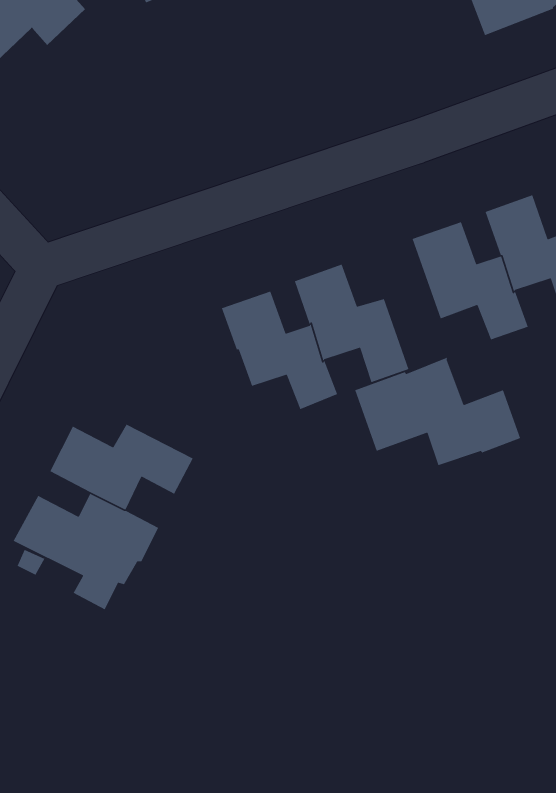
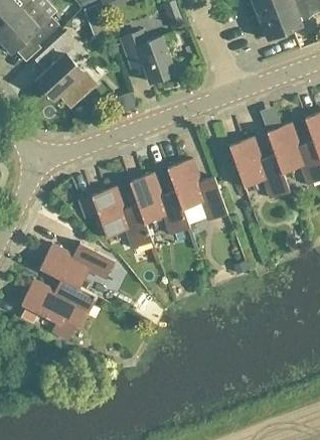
building: none -> [36,31,95,106]
building: none -> [121,31,174,83]
building: none -> [92,186,152,249]
building: [354,357,521,466] -> none

